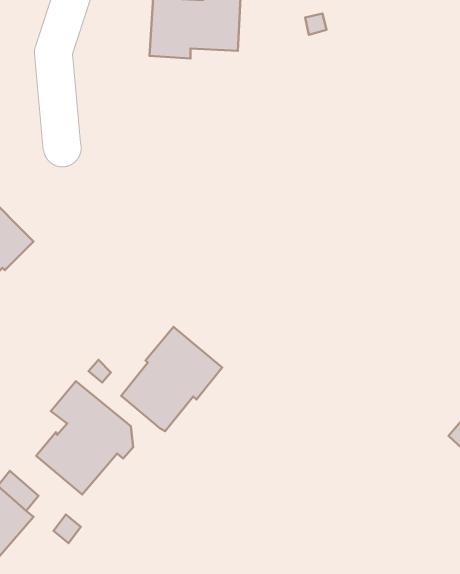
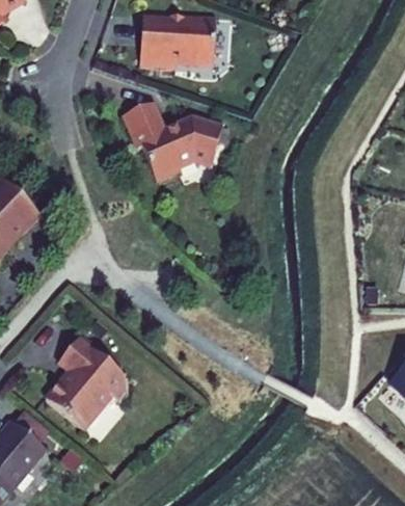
building: none -> [126,101,220,177]
building: [121,327,222,431] -> none

